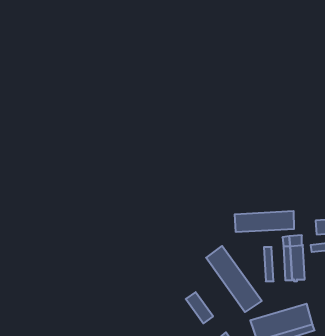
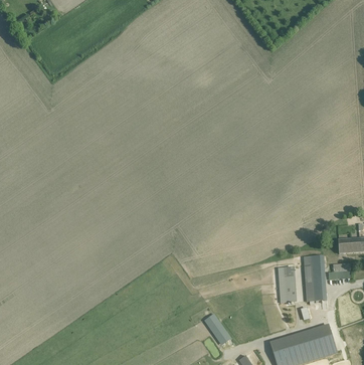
building: [235,211,294,232] -> none
building: [206,246,262,312] -> none

